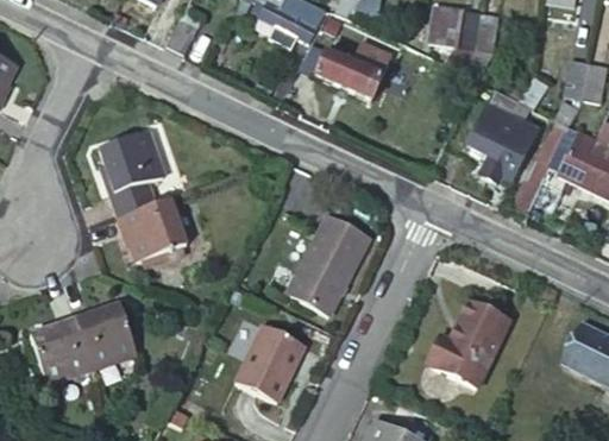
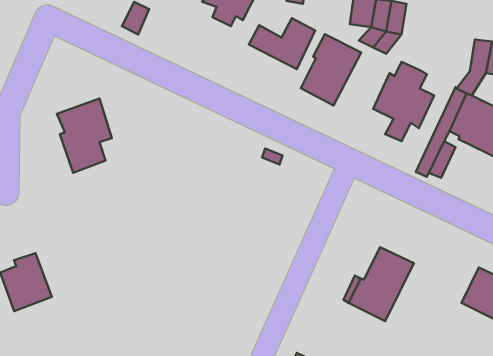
building: none -> [301,34,361,105]
building: [112,195,181,258] -> none
building: [291,213,375,315] -> none
building: [68,298,131,360] -> none
building: [232,321,302,398] -> none

